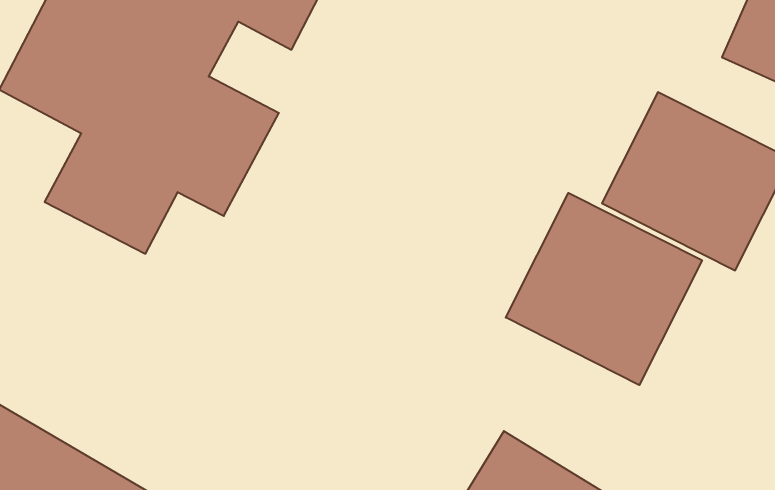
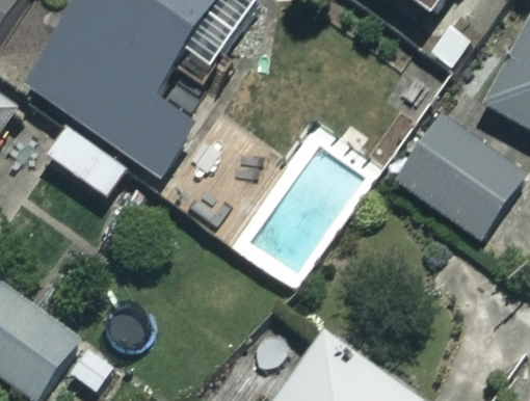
building: [506,193,702,385] -> none

